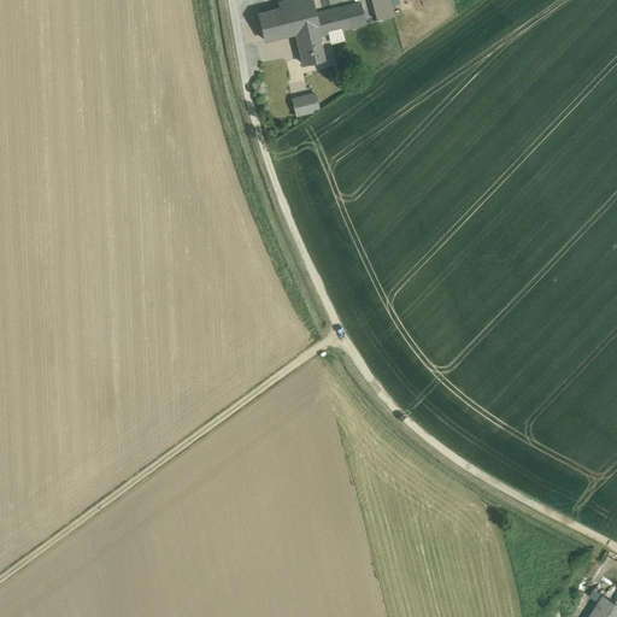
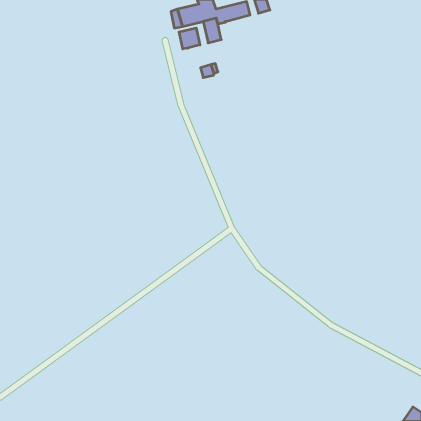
building: none -> [179,28,200,49]

